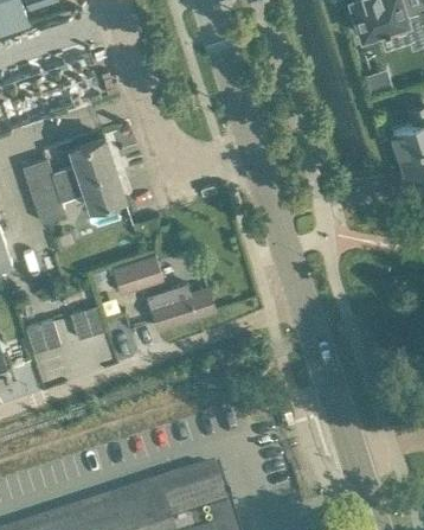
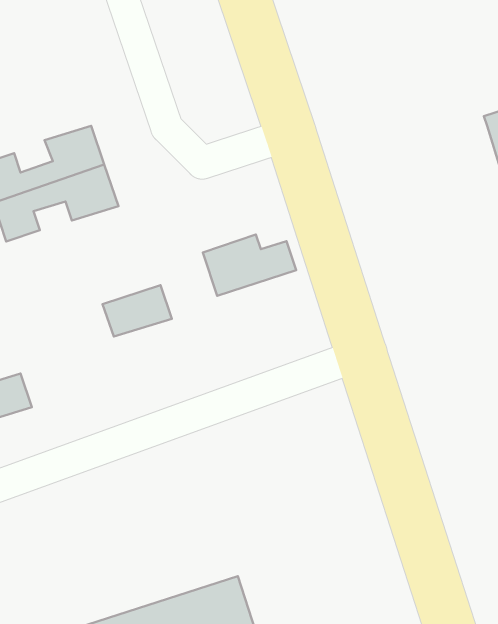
building: [147,285,216,330] -> [203,235,296,296]
building: [70,307,105,340] -> none

